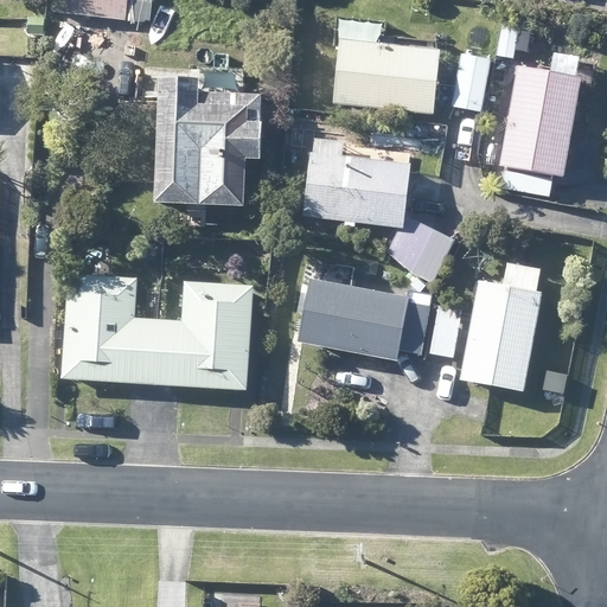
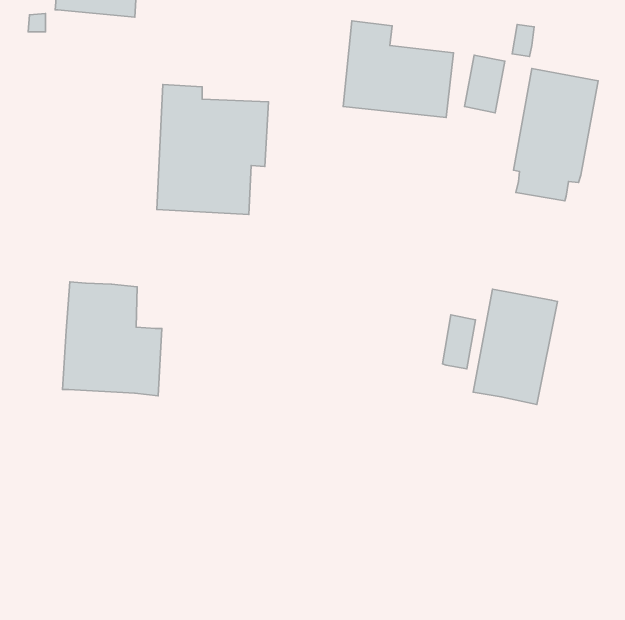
building: [302,139,454,281] -> none
building: [298,279,430,360] -> none
building: [154,280,250,388] -> none

